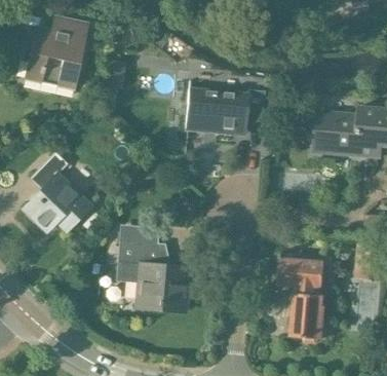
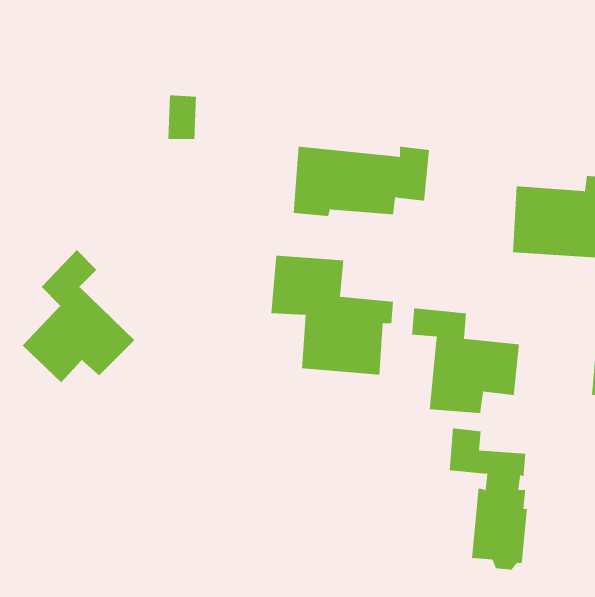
building: [24,16,87,89] -> none
building: none -> [412,307,520,414]
building: [116,240,190,312] -> [270,255,394,375]

